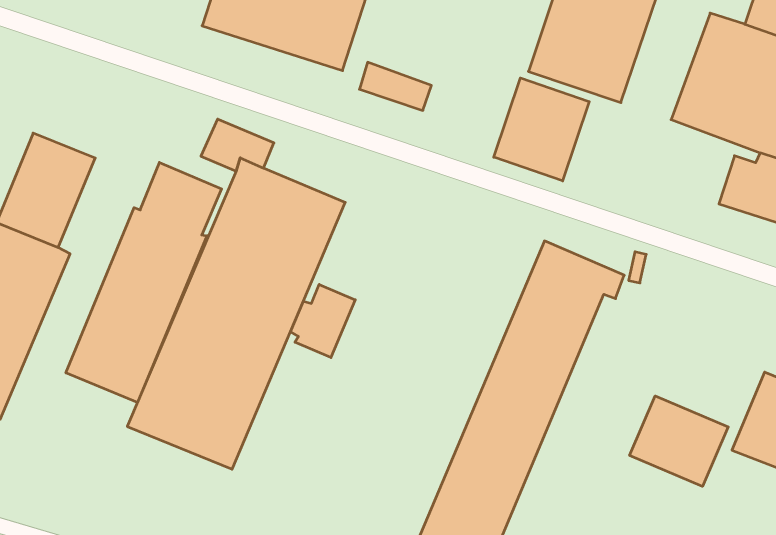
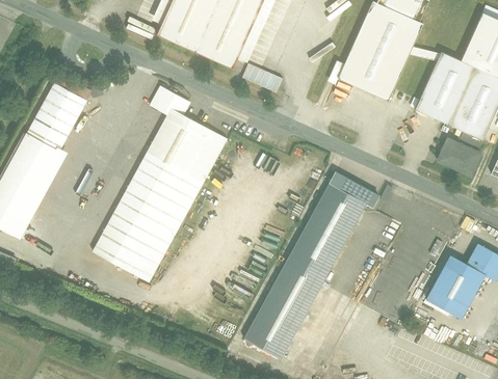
building: [494,78,589,181] -> none
building: [66,162,222,403] -> none
building: [291,284,355,358] -> none
building: [630,396,728,486] -> none

